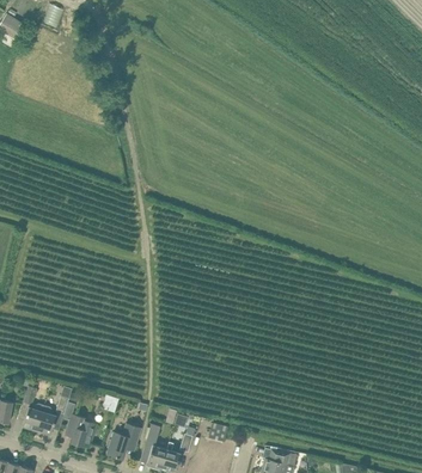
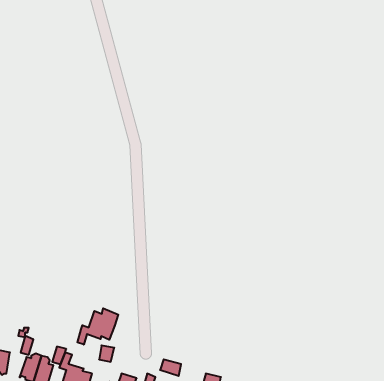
building: none -> [77,308,118,345]

